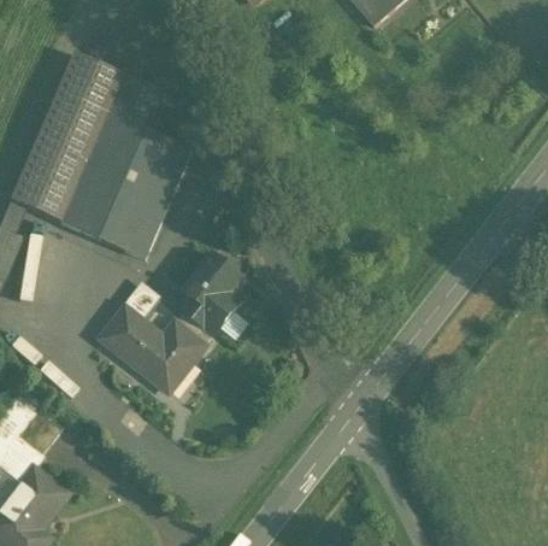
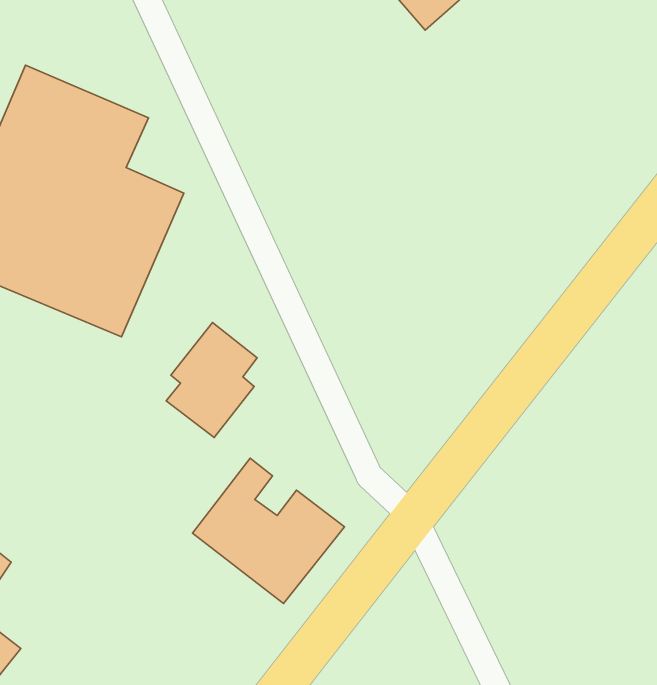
building: [99,284,213,394] -> [193,458,344,604]

